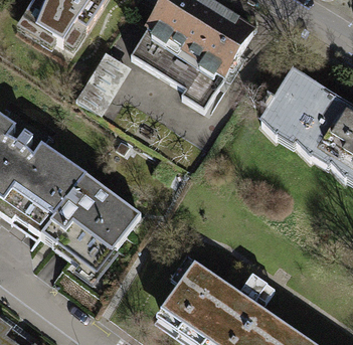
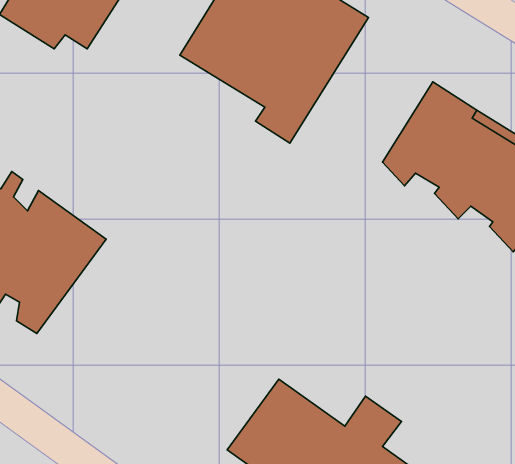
building: [73,50,130,117] -> none
building: [39,172,140,269] -> none

